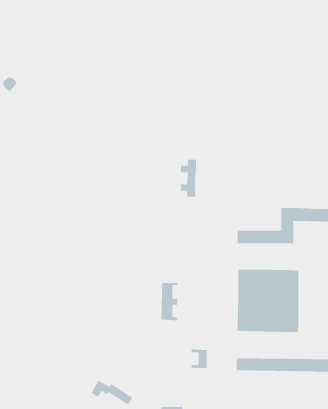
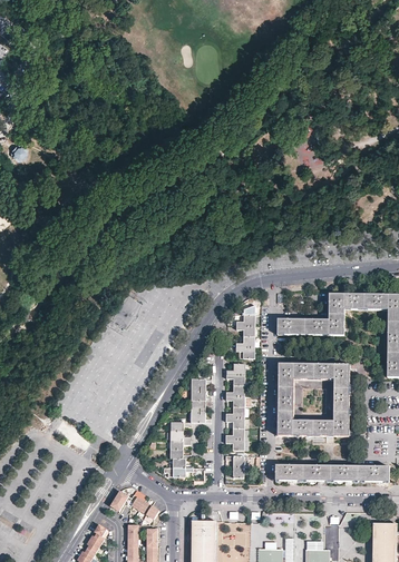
building: [180,159,197,197] -> [236,314,255,357]
building: none -> [225,363,245,448]
building: none -> [171,421,193,476]

